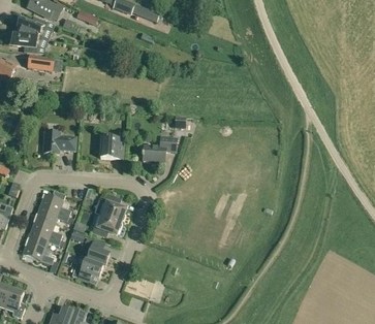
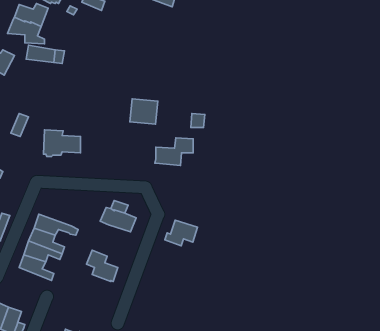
building: [100,136,125,159] -> [130,99,158,124]
building: [39,190,70,216] -> none
building: [92,215,121,237] -> [165,220,197,246]
building: [72,259,103,282] -> none

